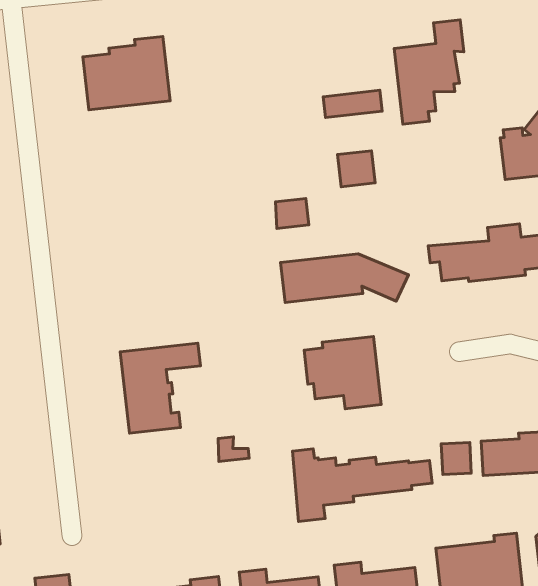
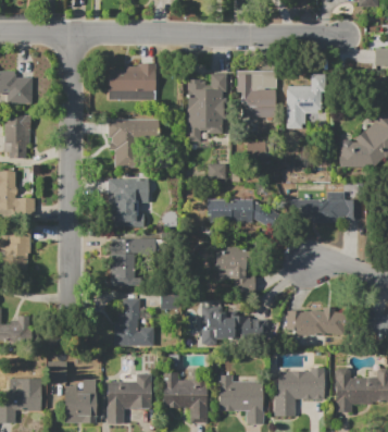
building: none -> [237,71,276,106]
building: none -> [187,74,226,141]
building: none -> [109,120,160,166]
building: none -> [109,178,149,221]
building: none -> [114,298,154,347]

